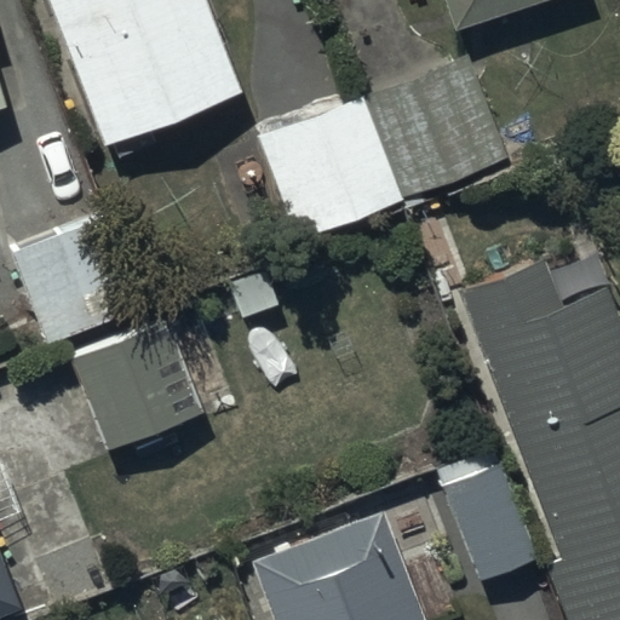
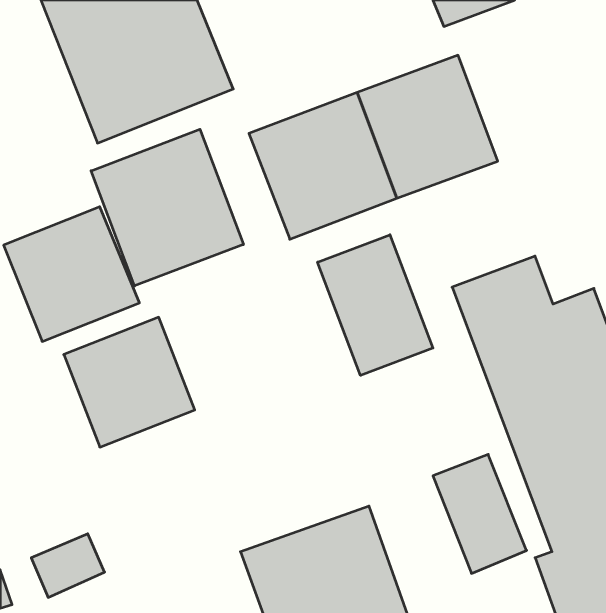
building: none -> [91,129,243,286]
building: none -> [318,235,433,375]

